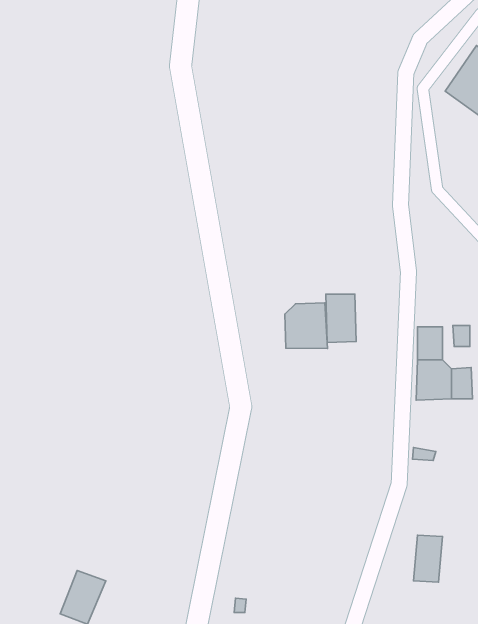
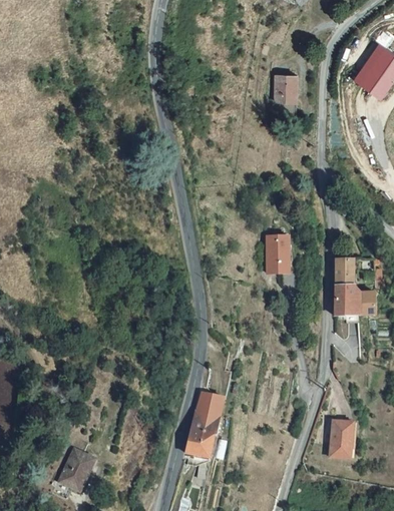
building: none -> [275,74,298,100]
building: [285,303,328,348] -> none
building: none -> [184,397,225,459]

